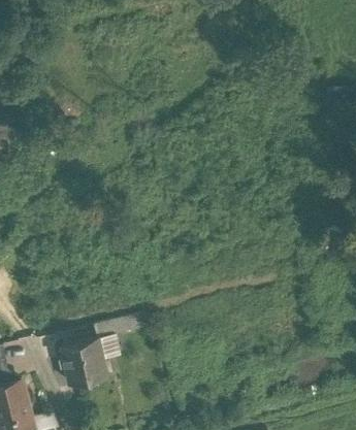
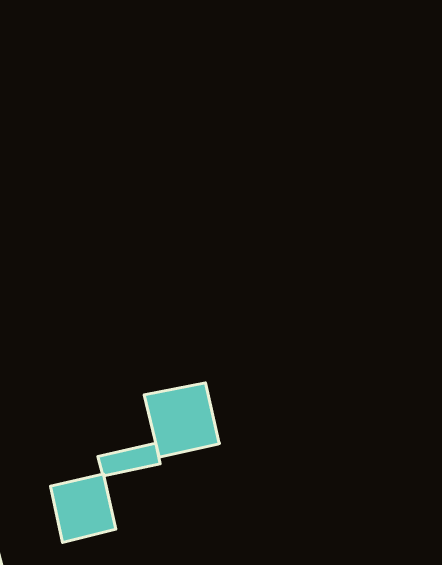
building: none -> [144,383,219,457]

